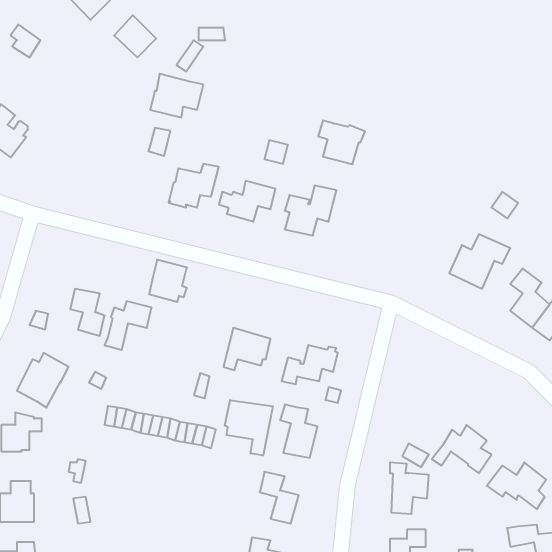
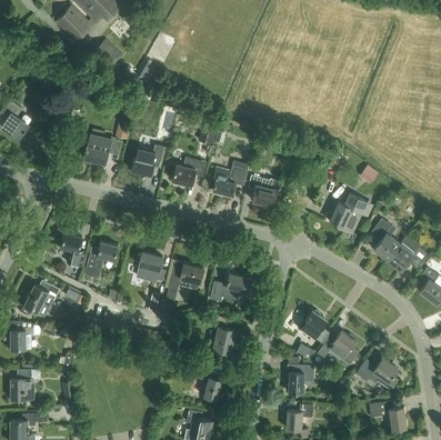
building: [150,74,203,117] -> [83,134,121,166]
building: [318,120,365,164] -> [248,177,281,208]
building: [149,260,187,302] -> [136,253,162,283]
building: none -> [304,311,331,346]
building: [225,400,273,456] -> none

